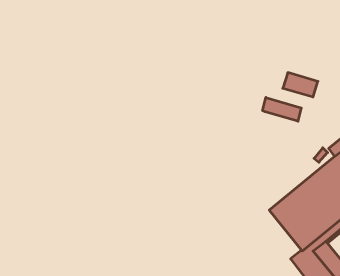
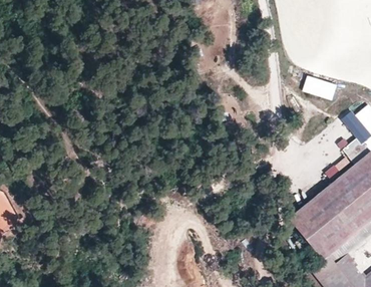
building: [263,97,301,121] -> none

